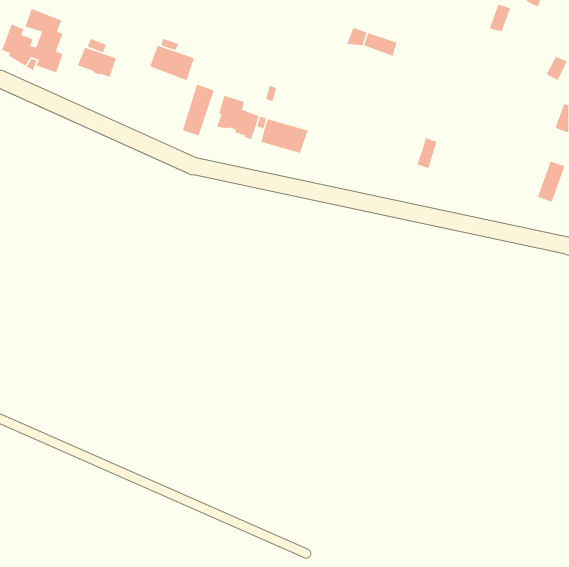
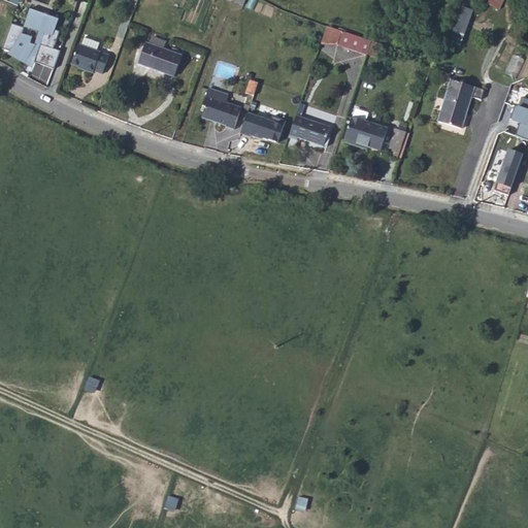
building: [182,83,215,136] -> none
building: none -> [437,77,484,127]
building: none -> [289,114,330,146]
building: none -> [341,118,385,152]

